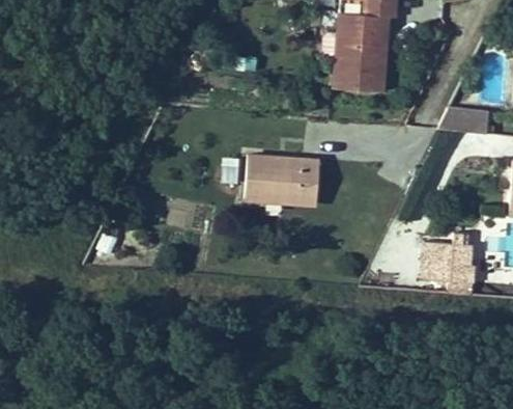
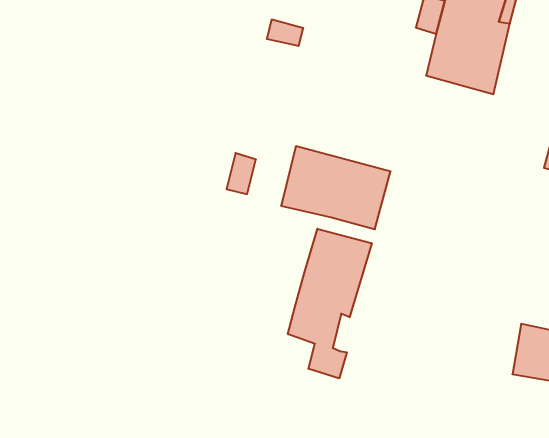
building: none -> [288,229,372,378]

